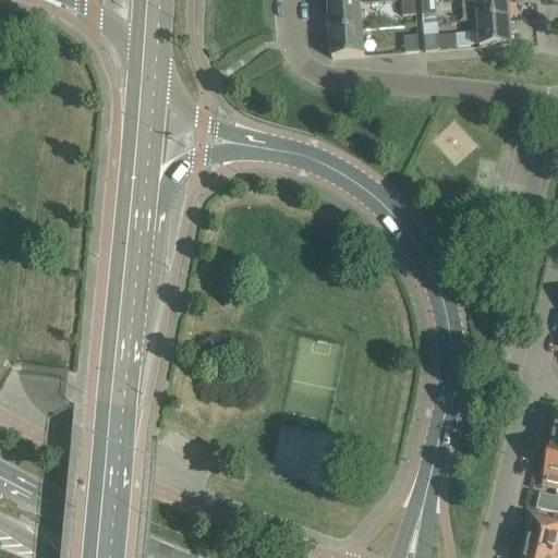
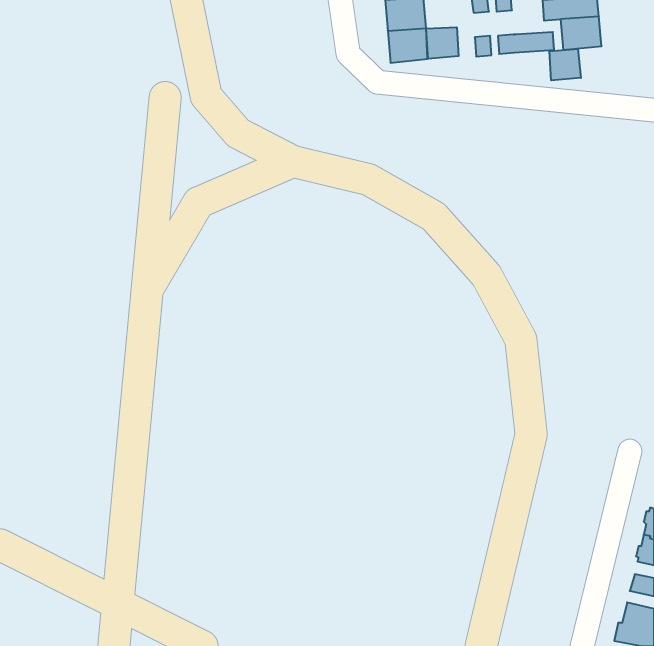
building: none -> [426,27,459,59]
building: none -> [549,49,581,80]

